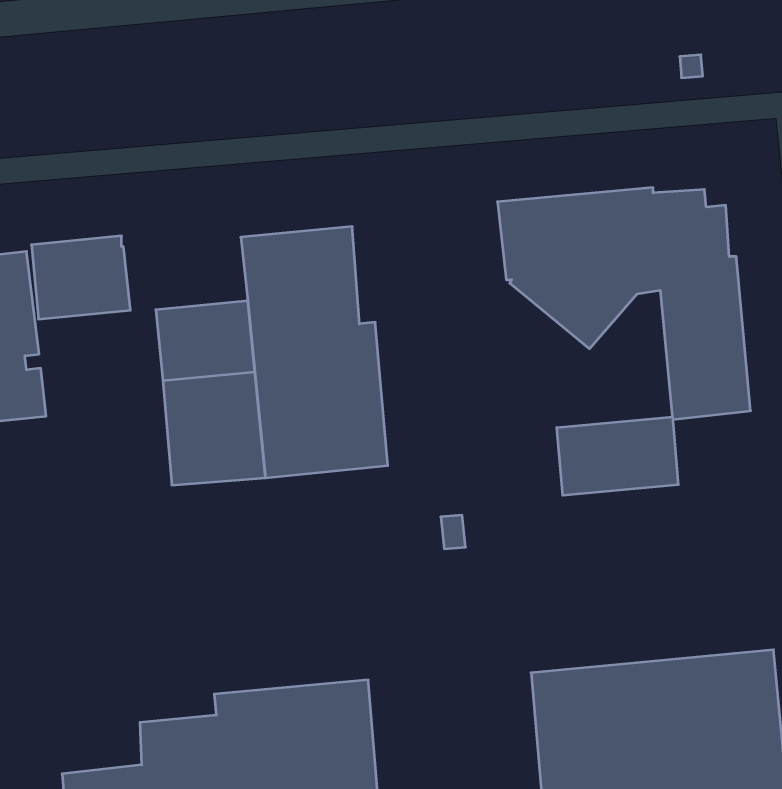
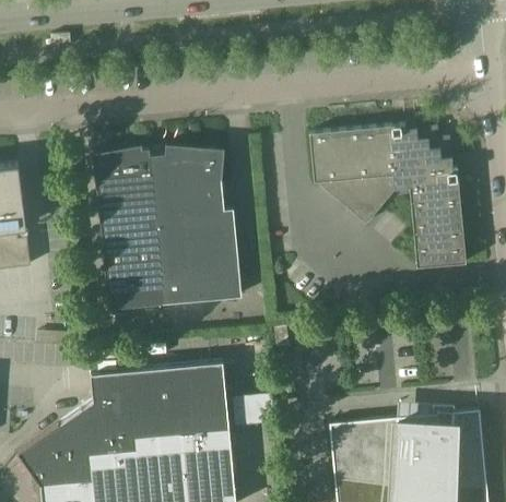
building: [31,236,130,319] -> [94,150,155,201]
building: [557,417,678,495] -> none
building: none -> [17,363,230,487]

